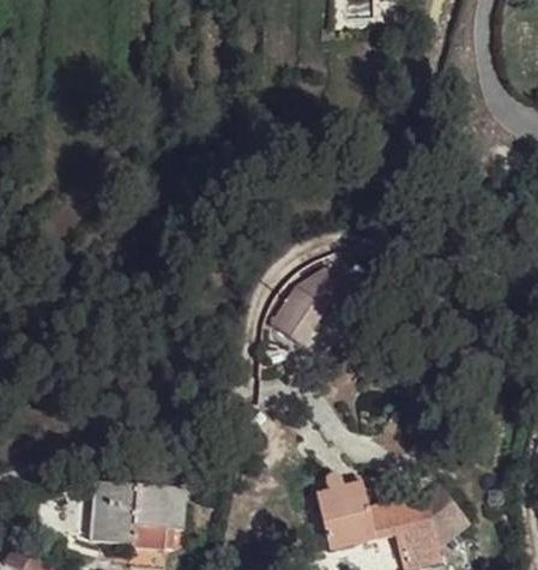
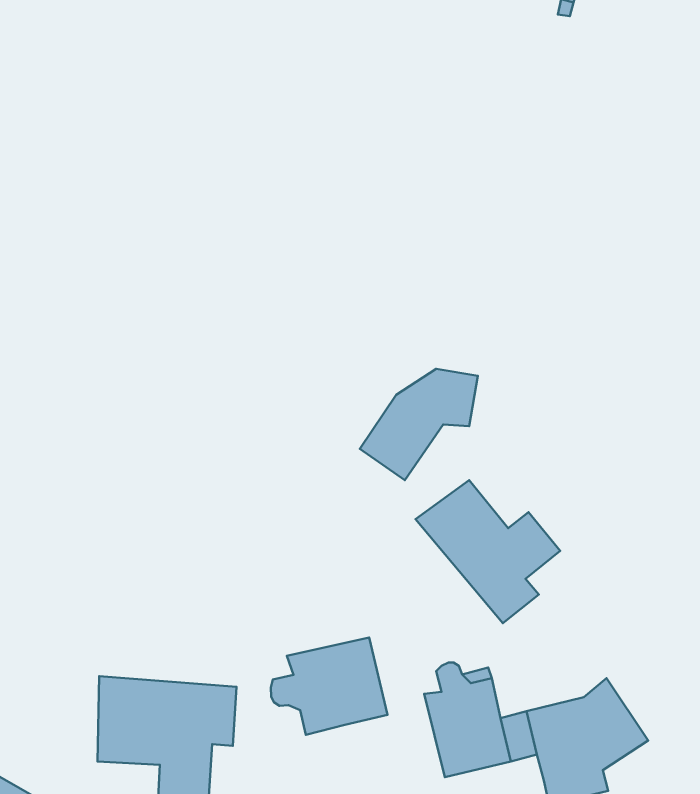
building: none -> [415,480,560,623]
building: none -> [271,637,387,735]

